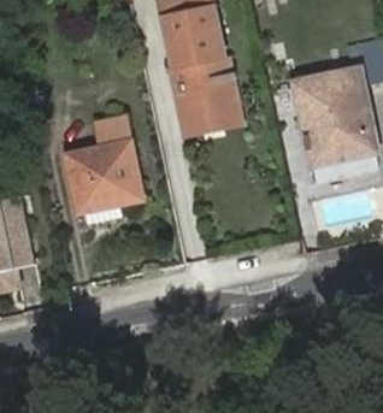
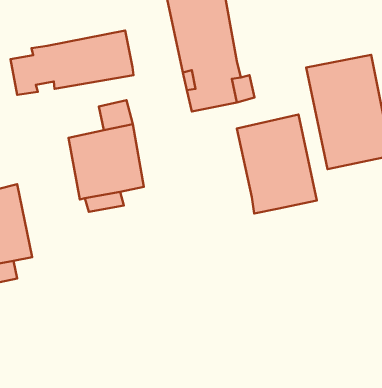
building: none -> [11,30,133,95]
building: none -> [237,114,317,214]

